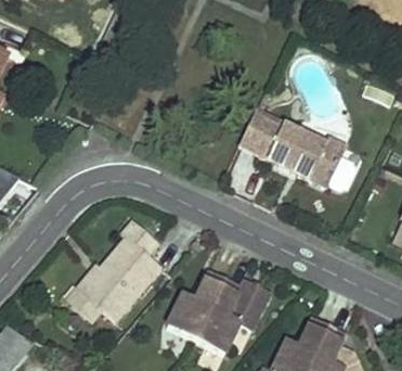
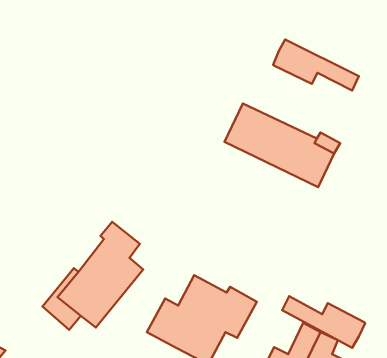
building: none -> [273,39,359,90]
building: none -> [282,296,365,348]

